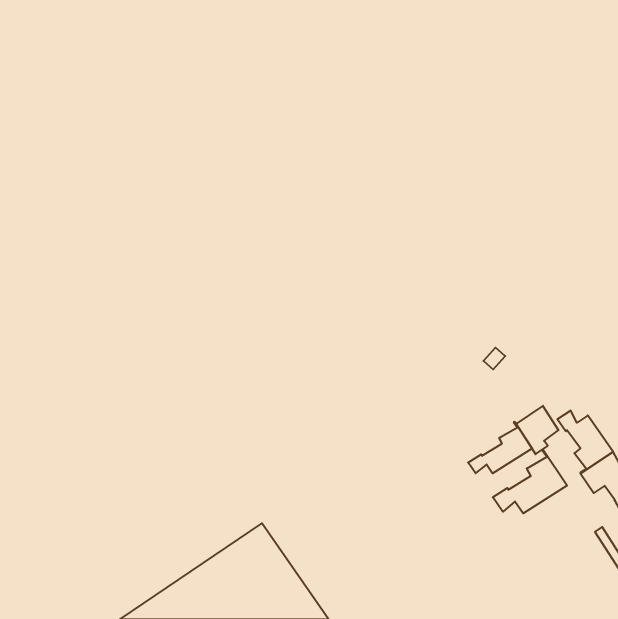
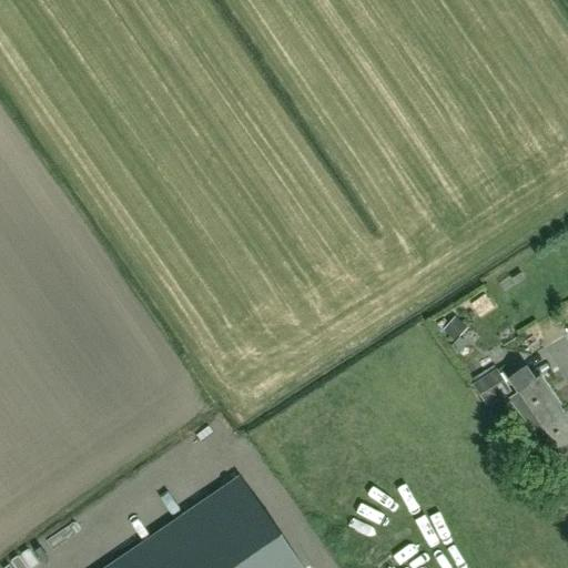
building: [468,422,532,473] -> none
building: [493,449,567,513] -> none

